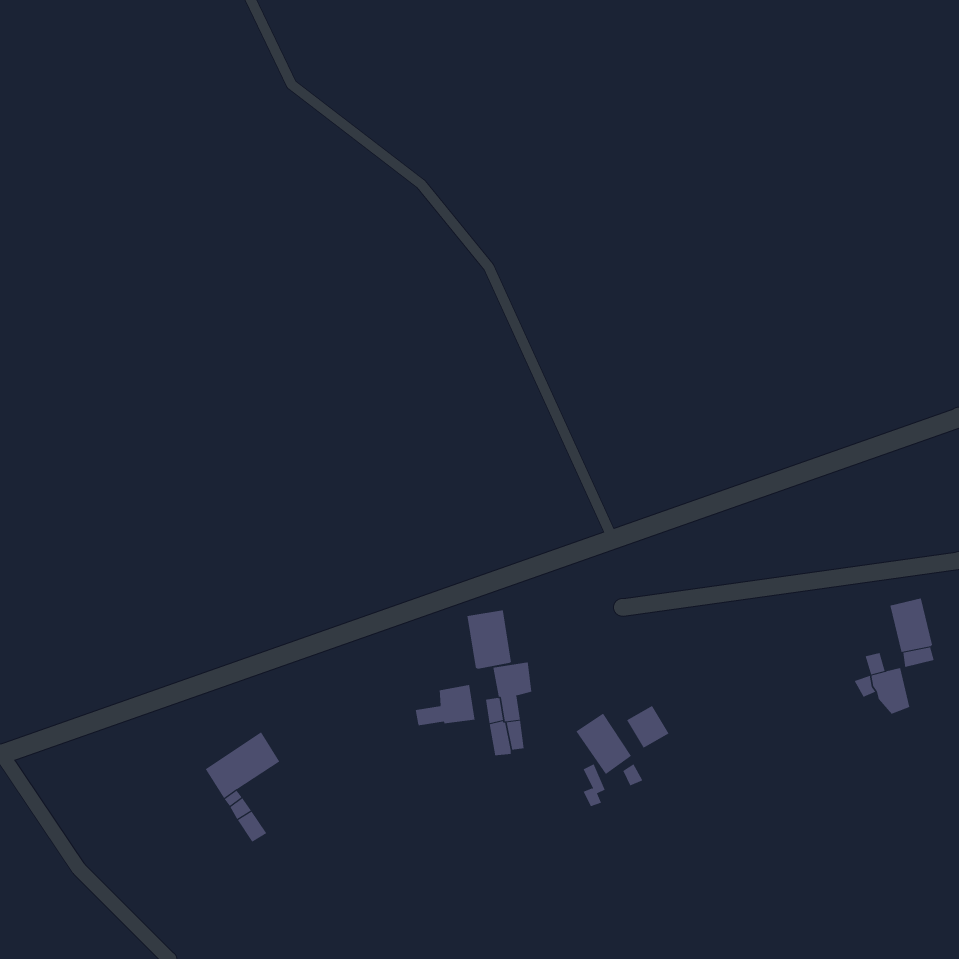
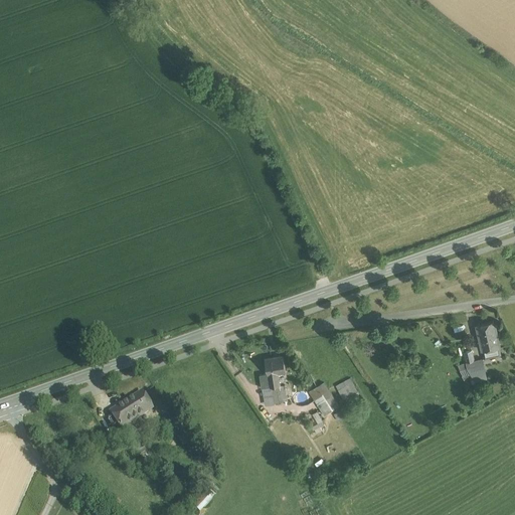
building: [467,610,512,670] -> none
building: [415,684,475,726] -> none

